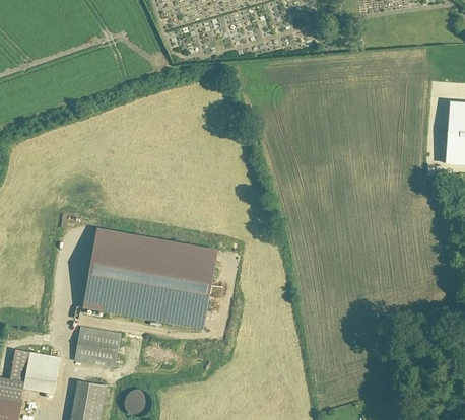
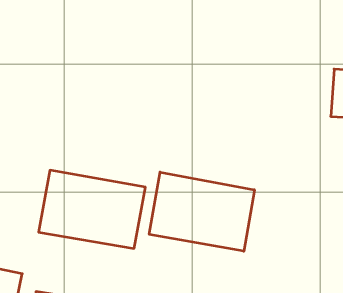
building: none -> [149,172,254,251]
building: [75,326,120,365] -> none

